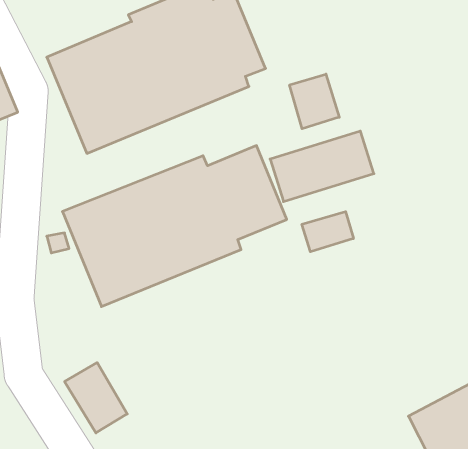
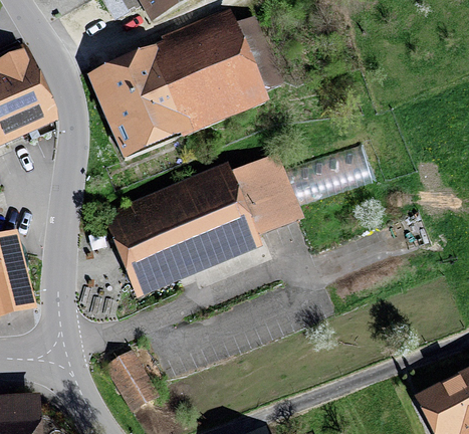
building: [290,74,339,129] -> none
building: [302,212,353,252] -> none

